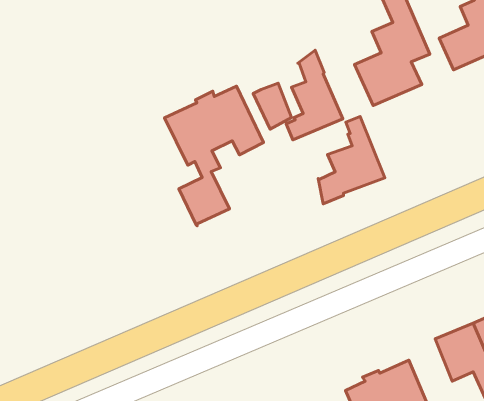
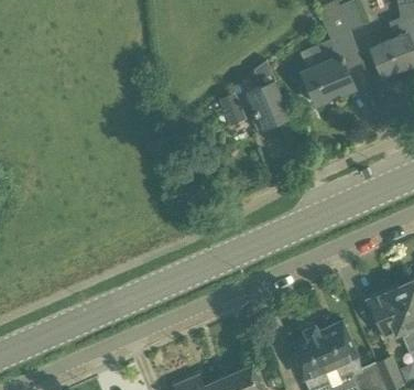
building: [164,86,264,226] -> none
building: [318,116,385,204] -> none

